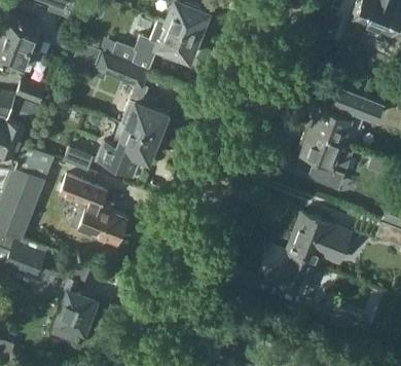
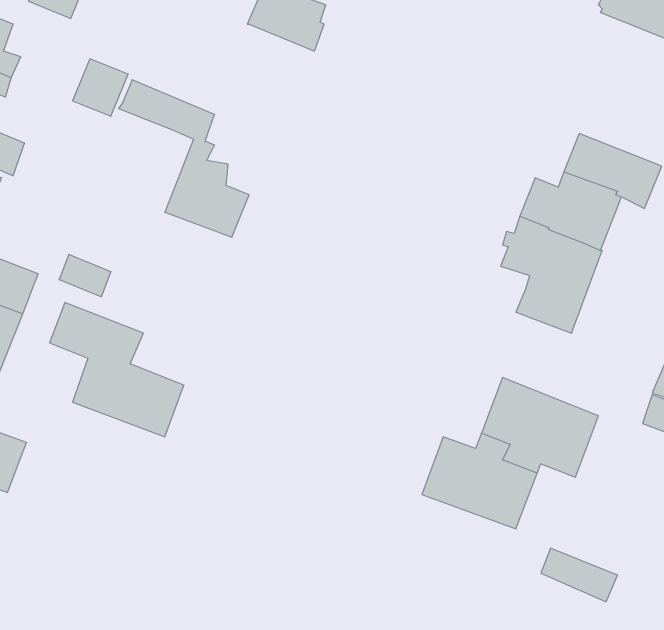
building: [112,23,199,70] -> none
building: [95,125,156,177] -> none
building: [45,273,95,342] -> none

